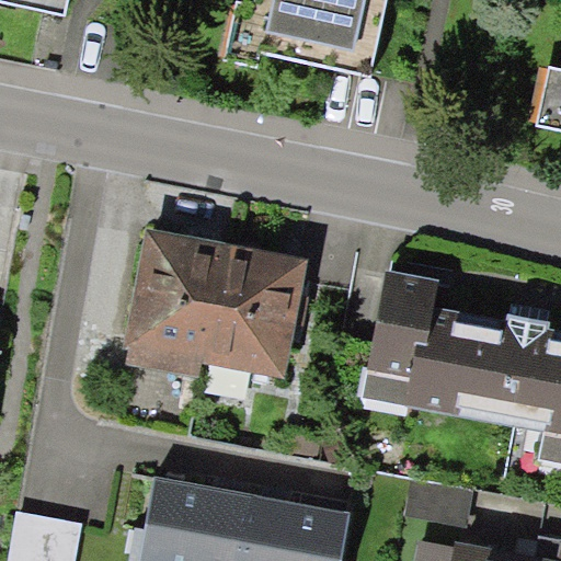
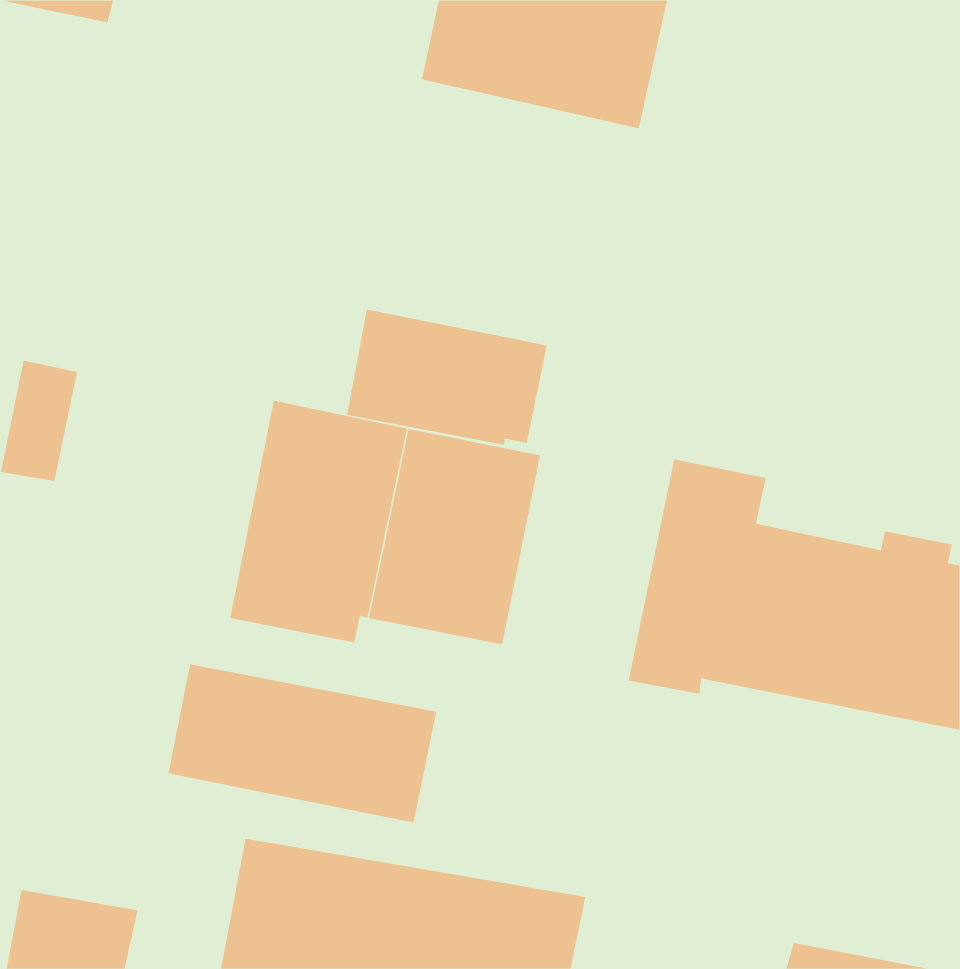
building: none -> [346,309,547,446]
building: none -> [168,664,437,823]

